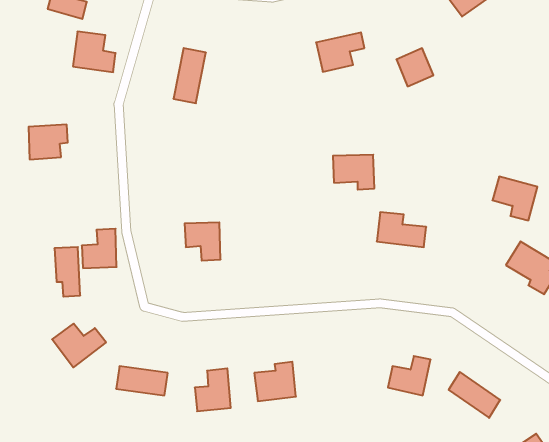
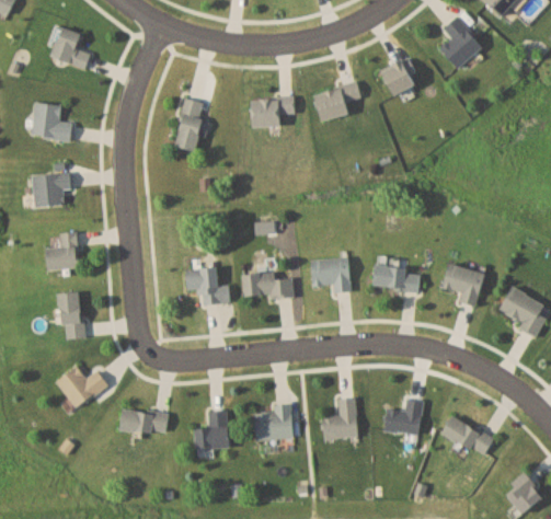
building: [73,32,116,72] -> [31,102,72,141]
building: none -> [251,97,295,126]
building: [396,48,433,86] -> [381,59,417,96]
building: [333,155,374,190] -> [310,258,351,292]
building: [492,177,537,220] -> [441,263,485,305]
building: none -> [243,272,294,299]
building: [82,229,117,268] -> [45,231,79,269]
building: none -> [322,397,358,439]

